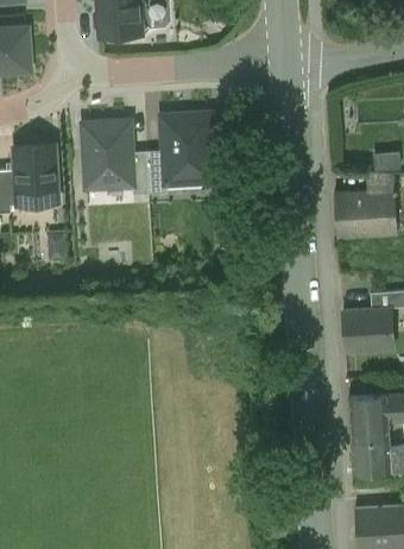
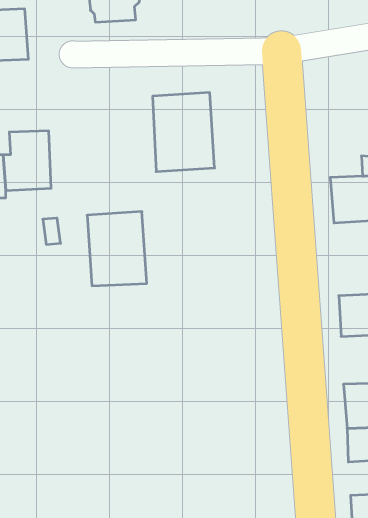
building: [77,116,137,190] -> [87,212,147,286]

